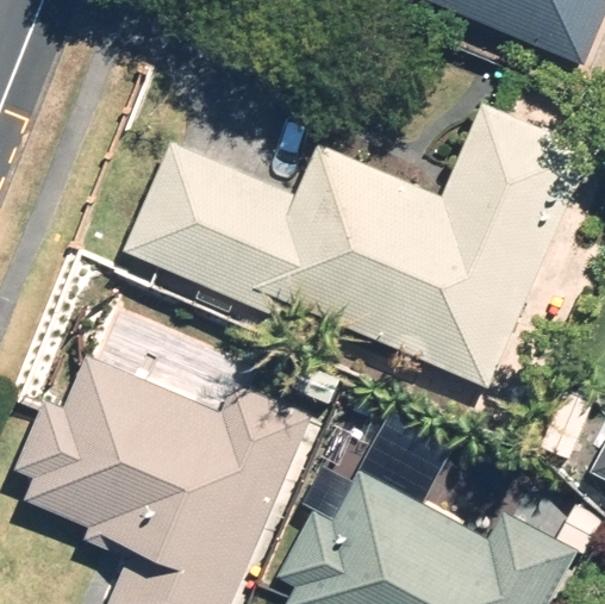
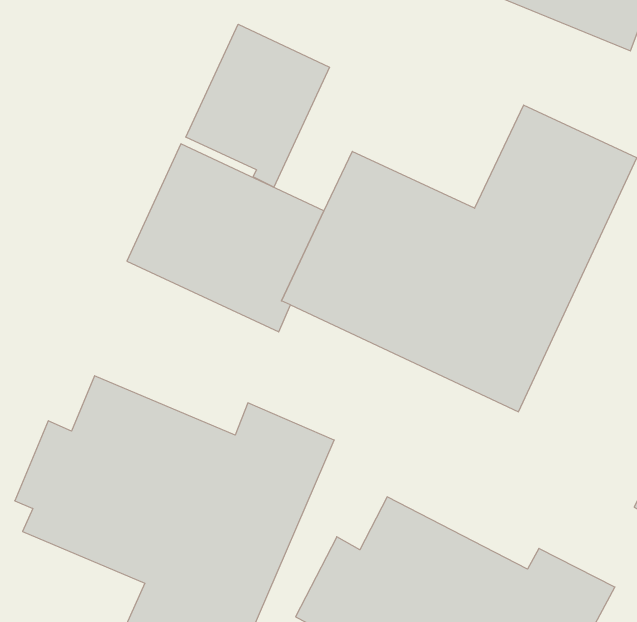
building: none -> [186,24,330,187]

